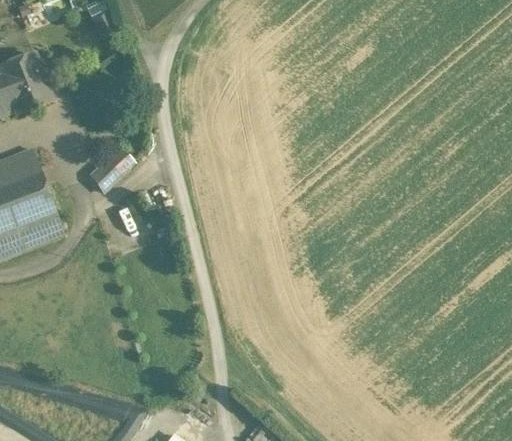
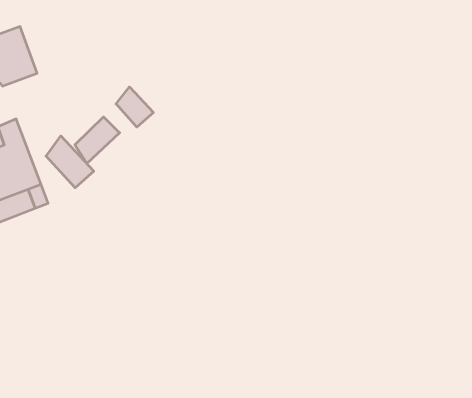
building: none -> [116,87,153,127]
building: none -> [46,136,94,188]

